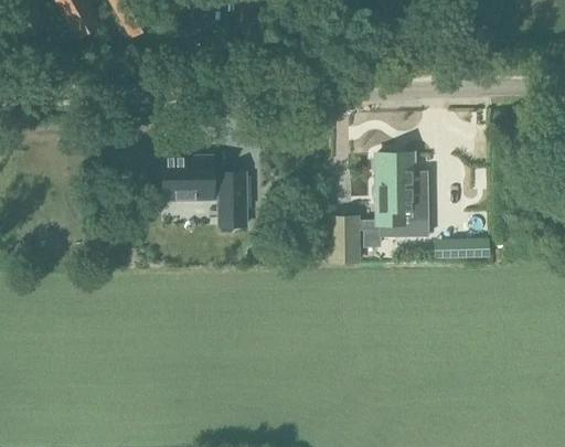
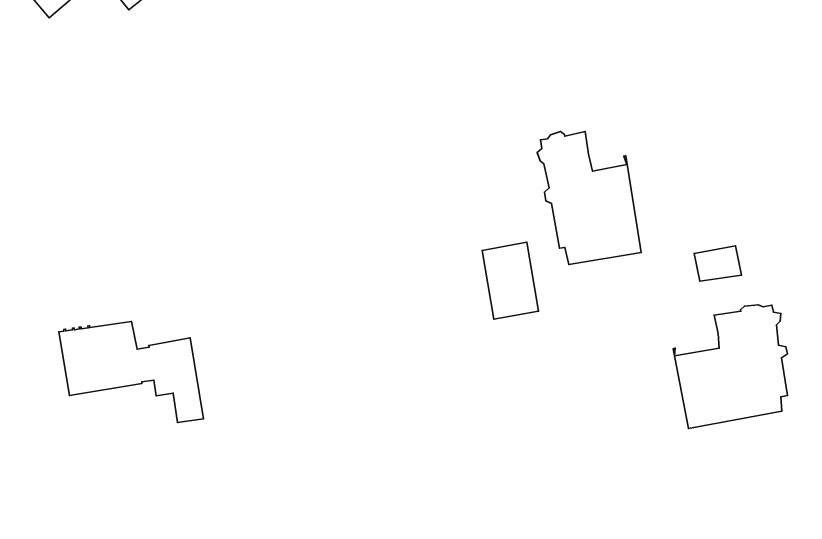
building: [163,157,246,225] -> [59,322,203,423]
building: none -> [673,305,788,429]

